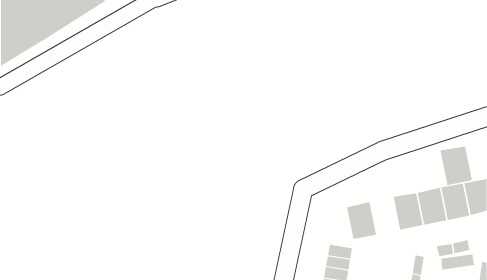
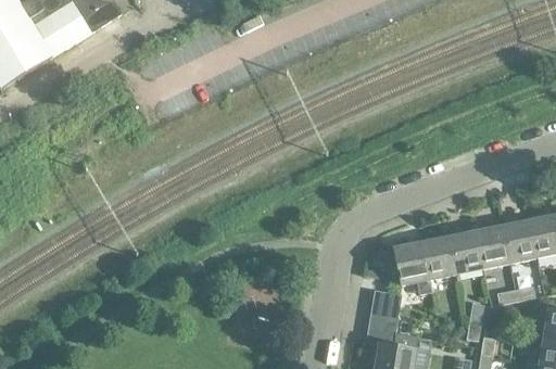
building: [440,146,472,186] -> none
building: none -> [421,236,455,279]

